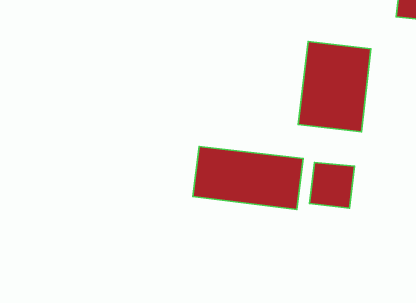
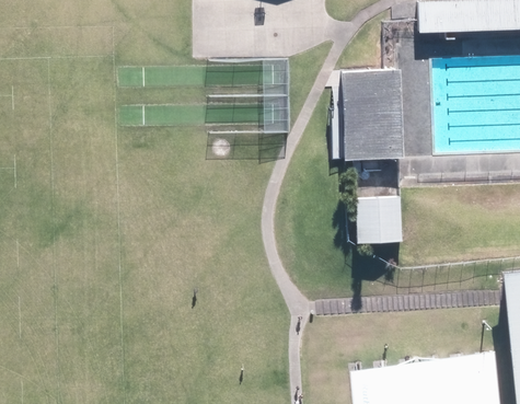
building: [193,147,303,209] -> none

